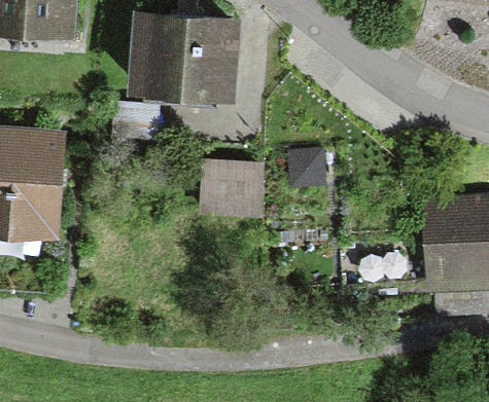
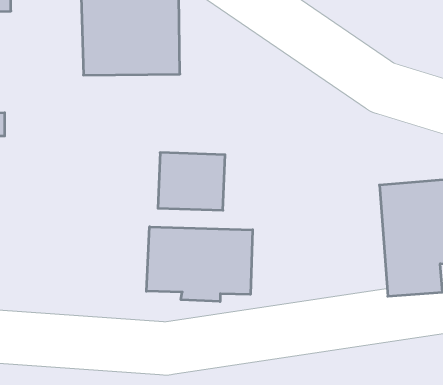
building: none -> [146,227,253,302]

